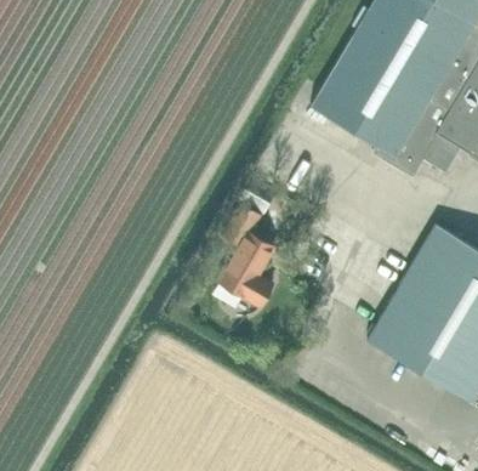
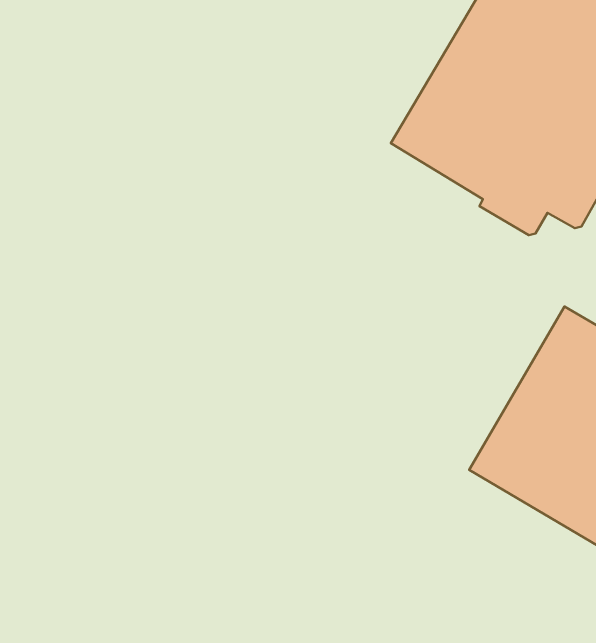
building: [217,204,277,307] -> none

